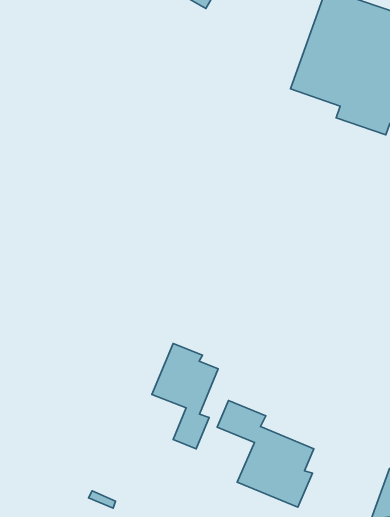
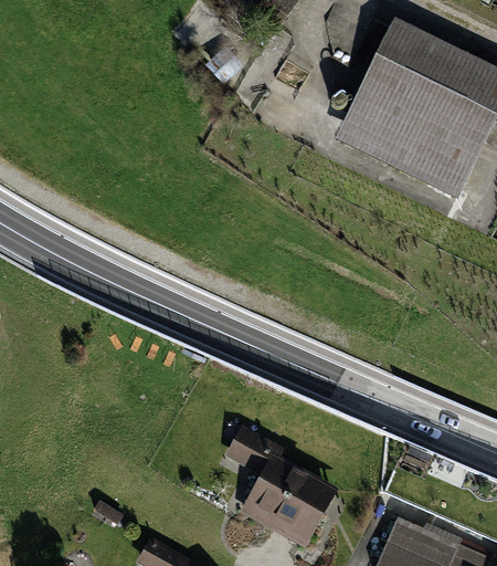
building: [152,344,218,449] -> none

